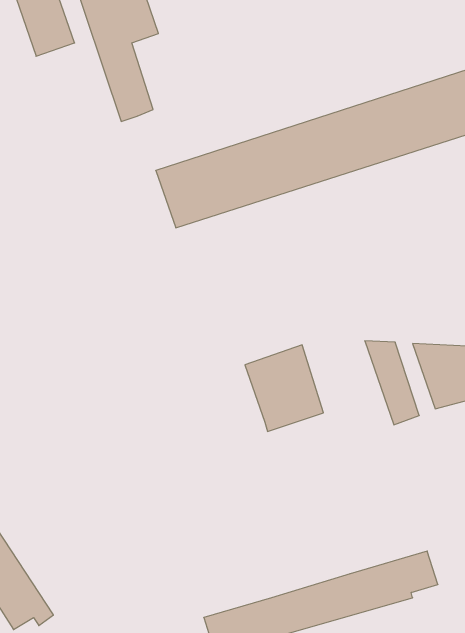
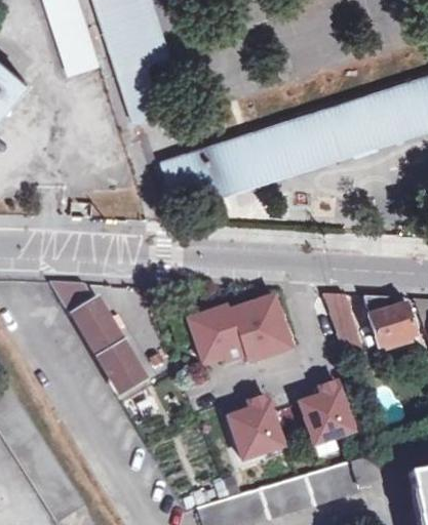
building: none -> [48,282,145,390]
building: none -> [190,307,246,362]
building: none -> [301,383,354,446]
building: none -> [229,398,283,460]

